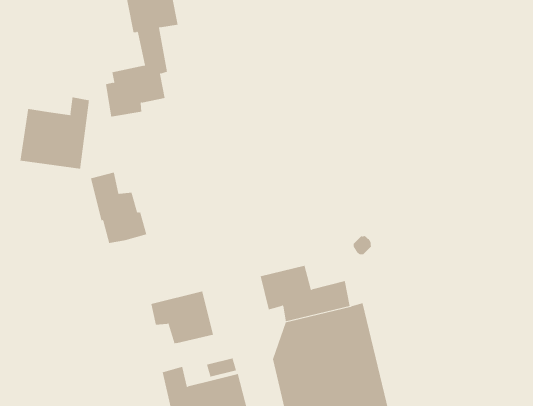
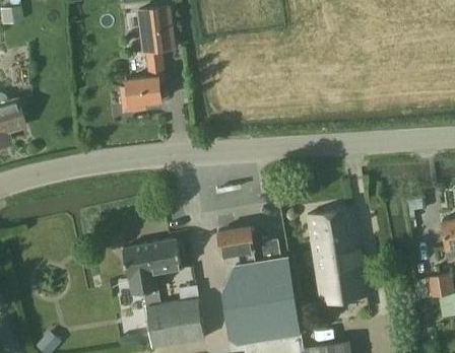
building: [20,97,90,169] -> none
building: [90,172,147,243] -> [122,245,158,295]
building: none -> [306,209,367,307]

